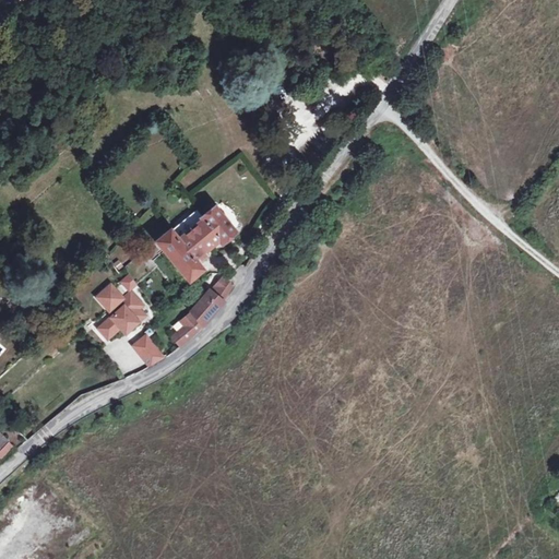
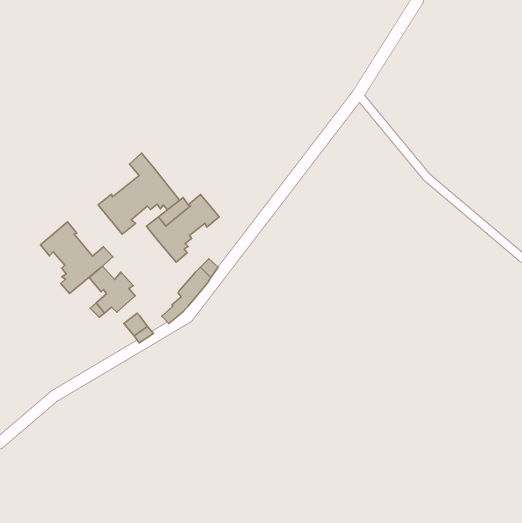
building: none -> [98,153,180,234]
building: none -> [40,222,113,293]

